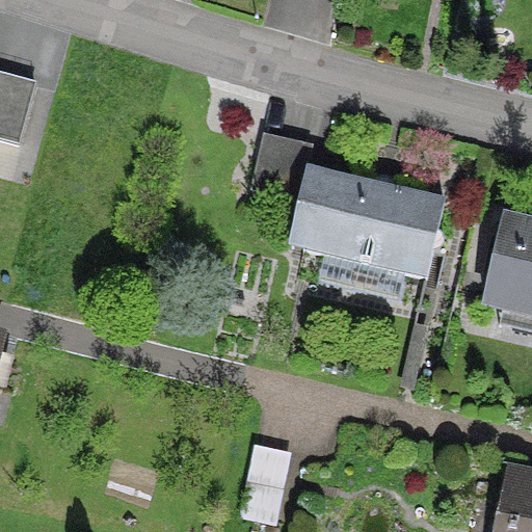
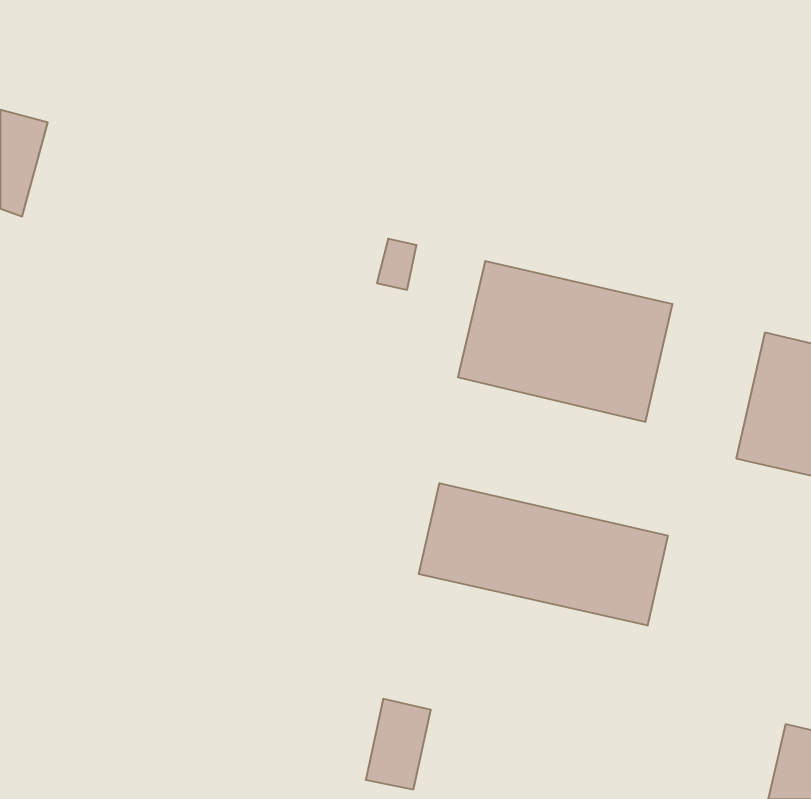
building: none -> [419,483,668,626]

